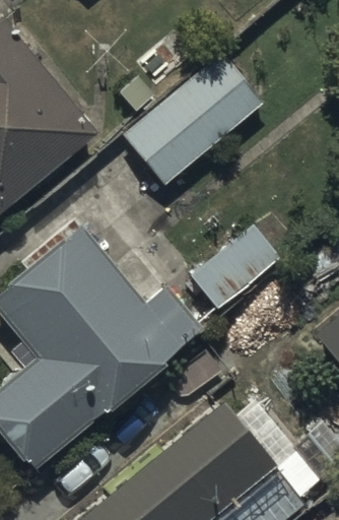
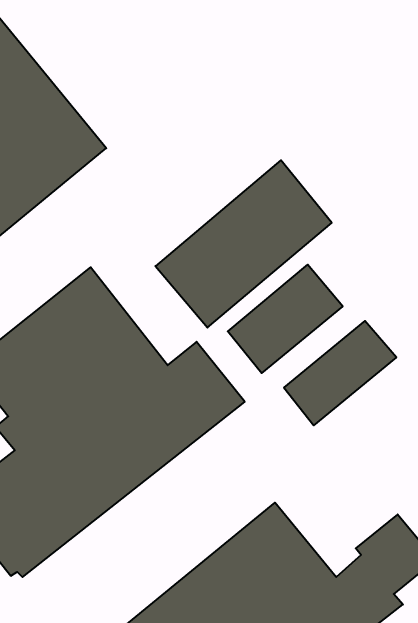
building: [126,52,263,182] -> [155,160,332,328]

